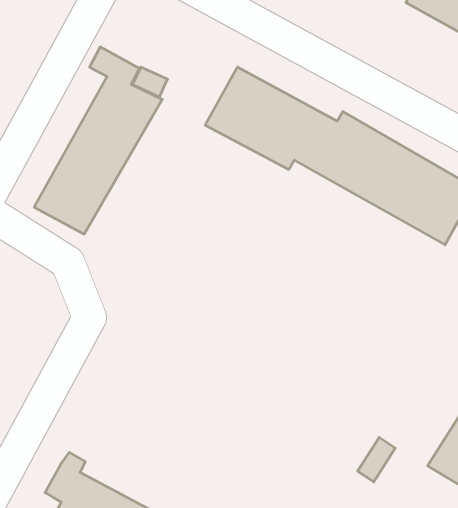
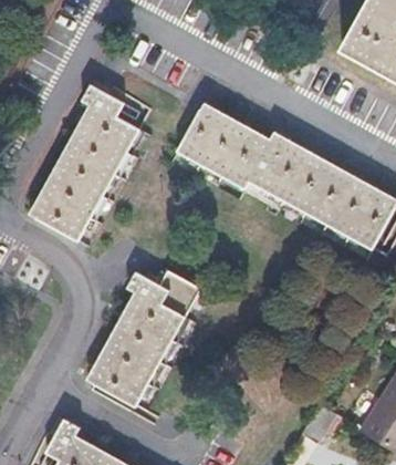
building: none -> [93,269,198,405]

